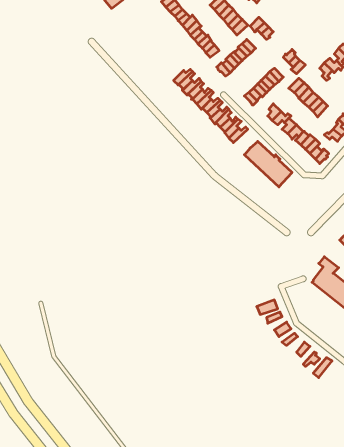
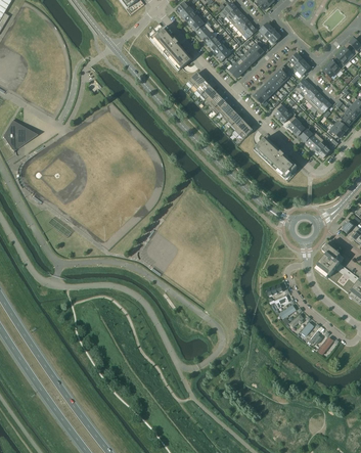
building: none -> [145,22,190,72]

